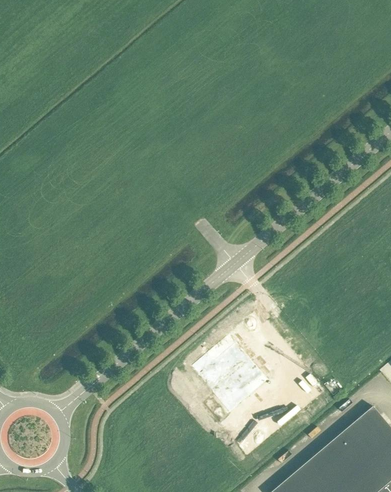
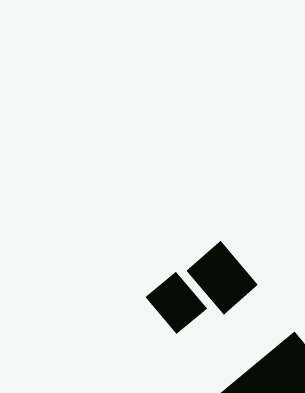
building: none -> [186,240,259,316]

